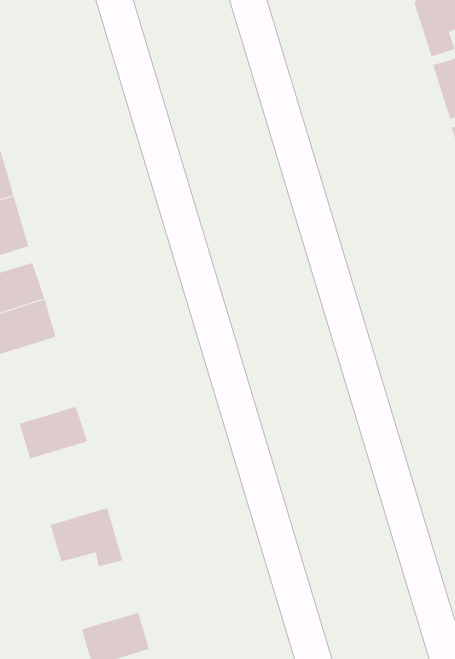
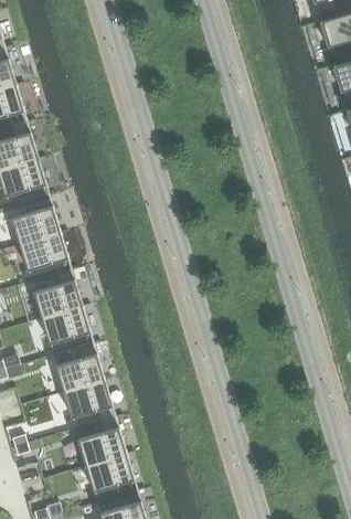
building: none -> [32,268,82,320]
building: none -> [54,342,104,392]
building: none -> [76,417,126,466]

